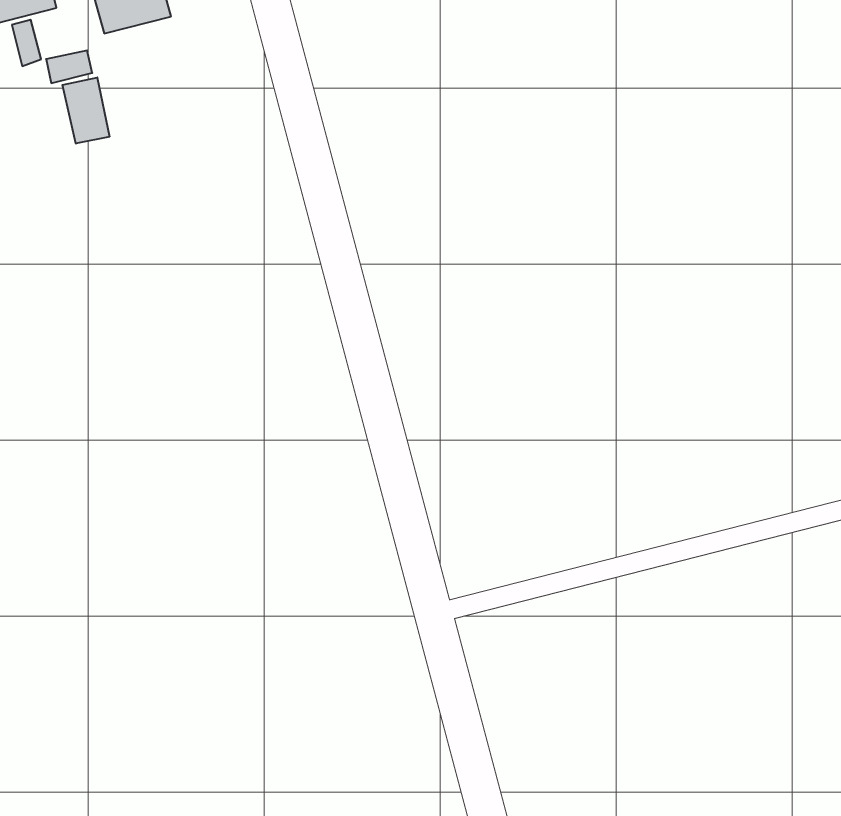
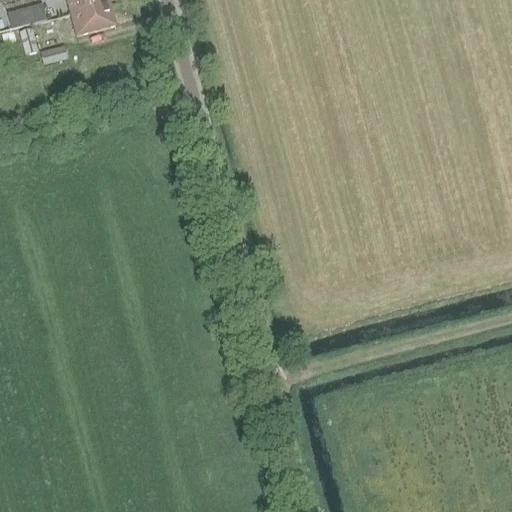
building: [62,77,109,144] -> none

